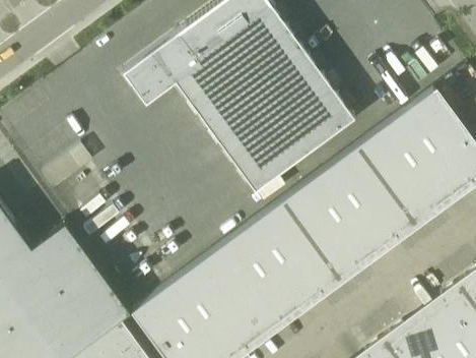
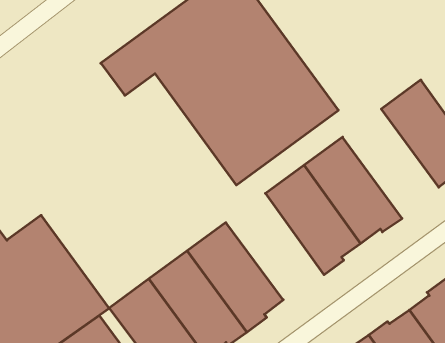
building: [358,118,452,225] -> none
building: [245,200,340,304] -> none

